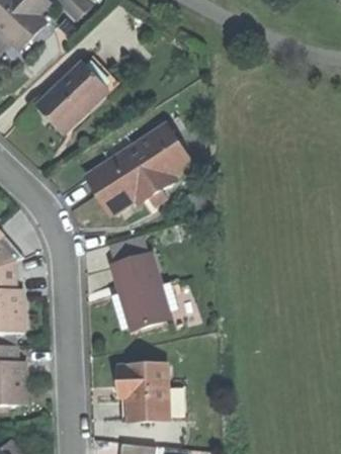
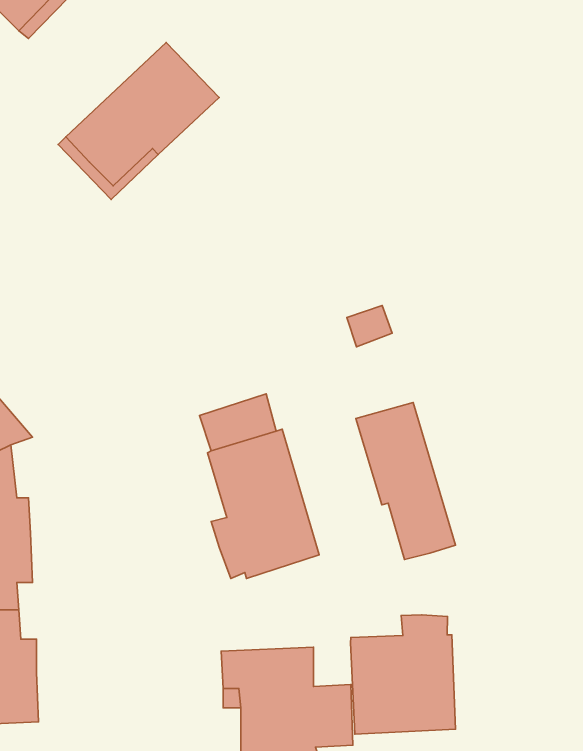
building: [92,124,190,210] -> none
building: none -> [356,402,455,560]
building: none -> [351,615,455,734]

